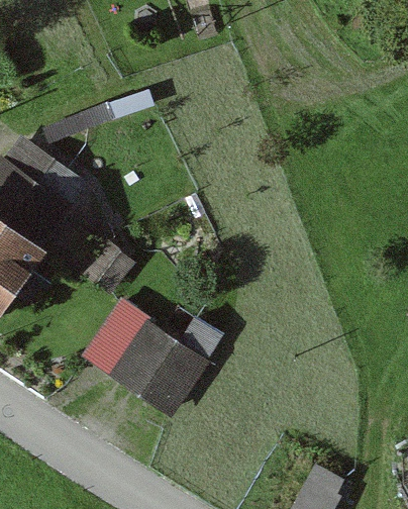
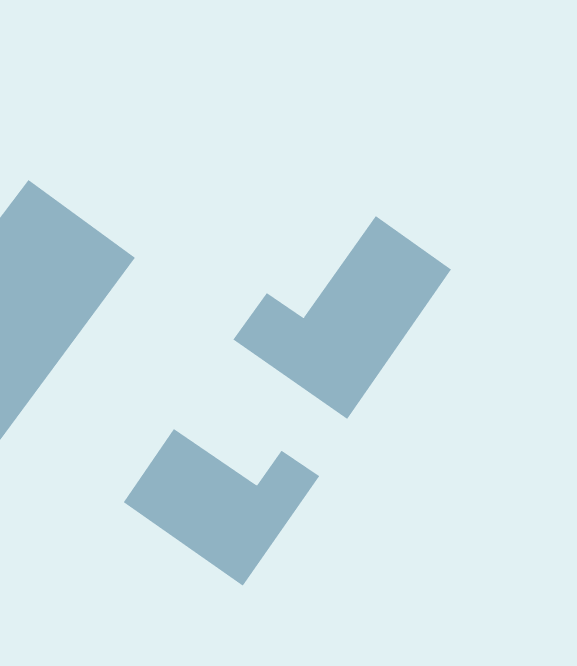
building: none -> [233,215,452,420]

